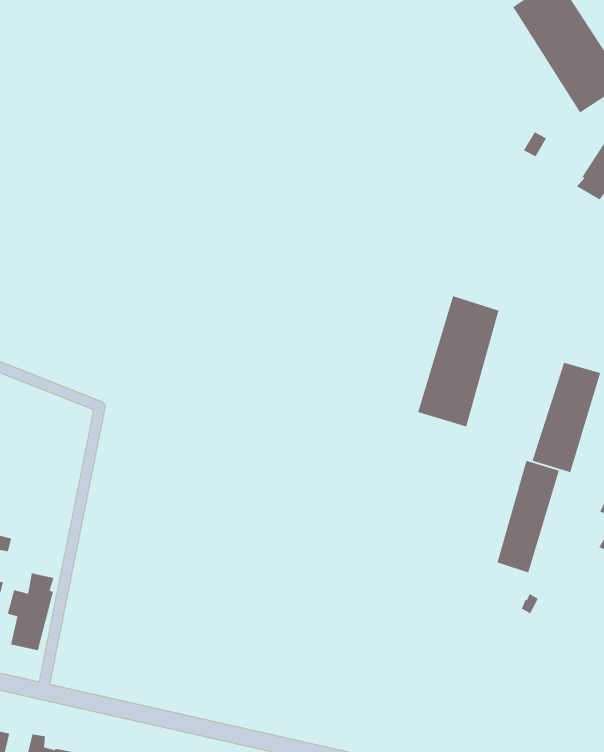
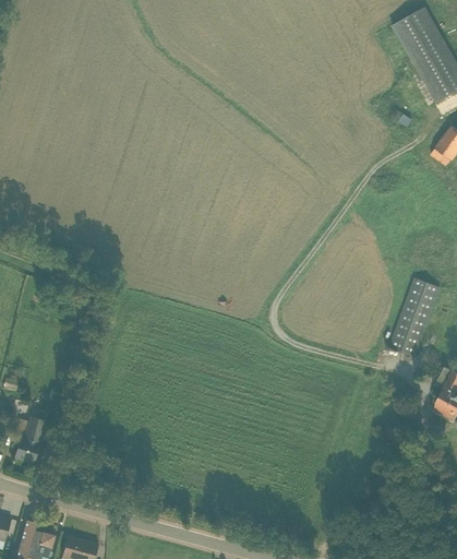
building: [417,295,499,427] -> none
building: [497,460,560,573] -> none

